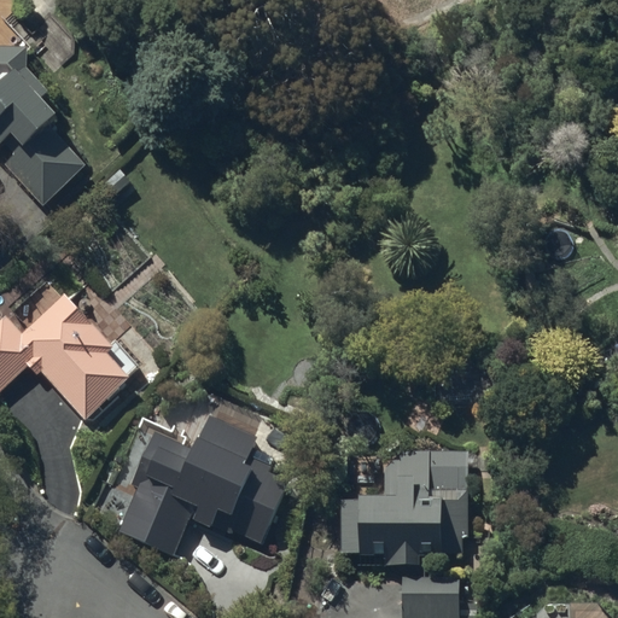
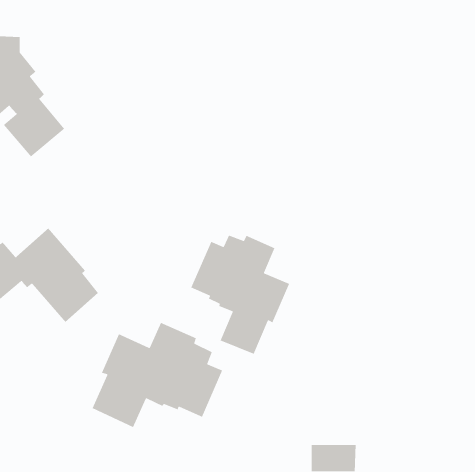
building: none -> [190,234,290,355]
building: [340,449,468,566] -> none

